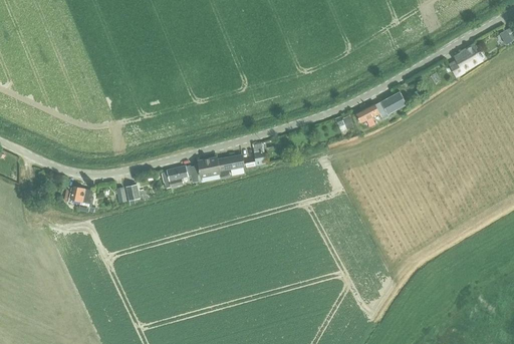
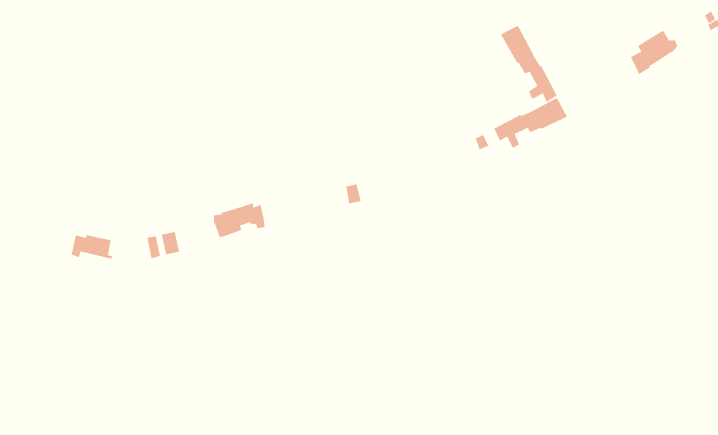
building: none -> [500,25,558,103]
building: [197,153,244,183] -> none

